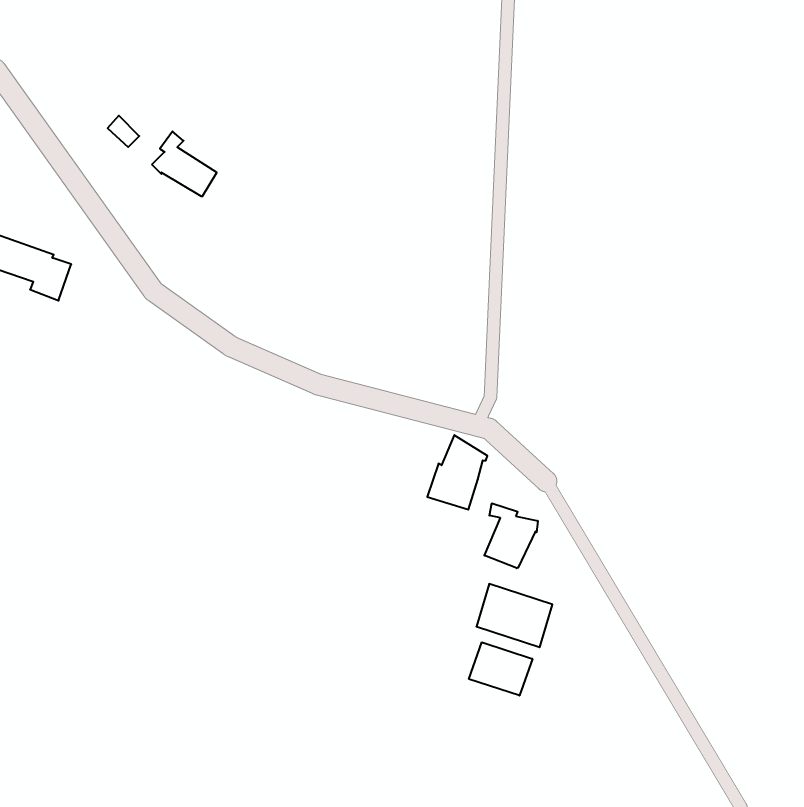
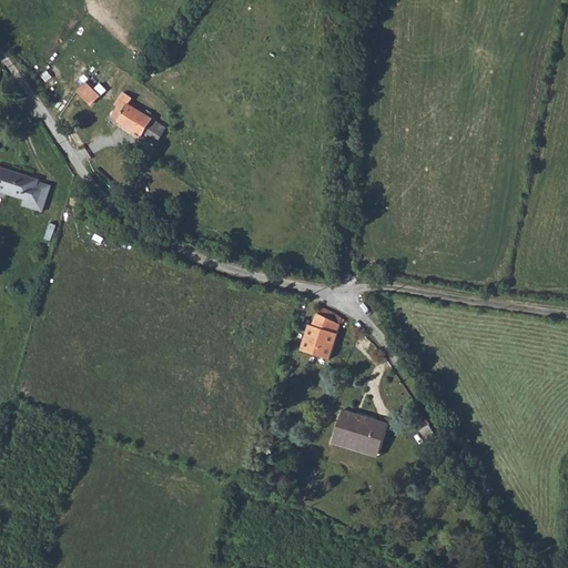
building: [484,503,538,568] -> none
building: [469,642,532,696] -> none

